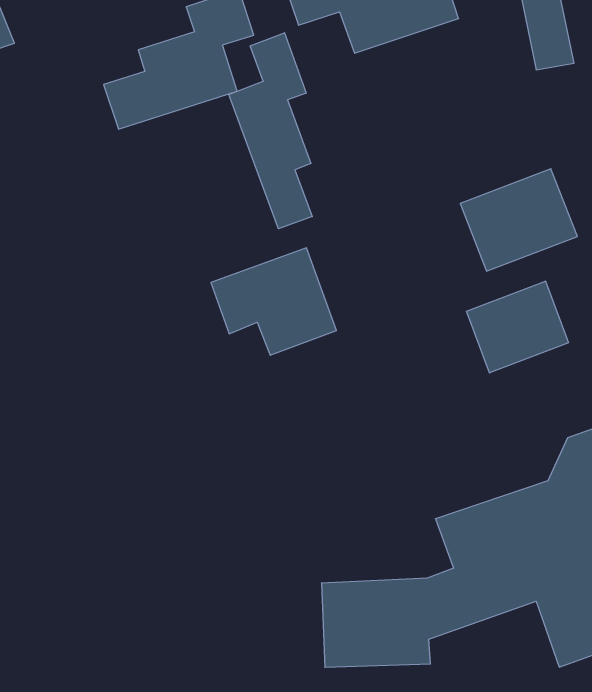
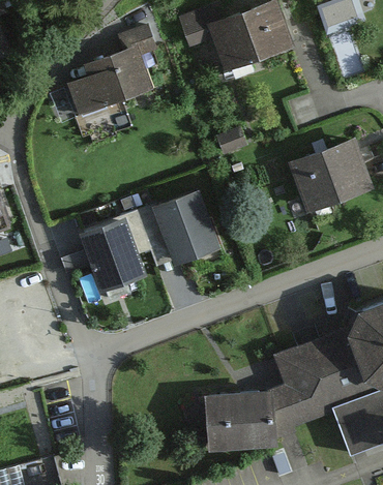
building: [229,33,312,229] -> none
building: [466,281,569,373] -> none
building: none -> [81,210,147,280]

